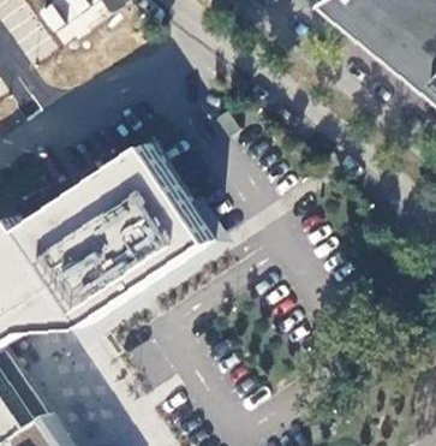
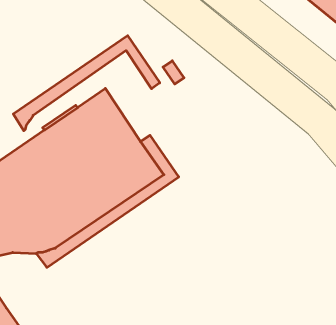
building: none -> [13,36,160,131]

